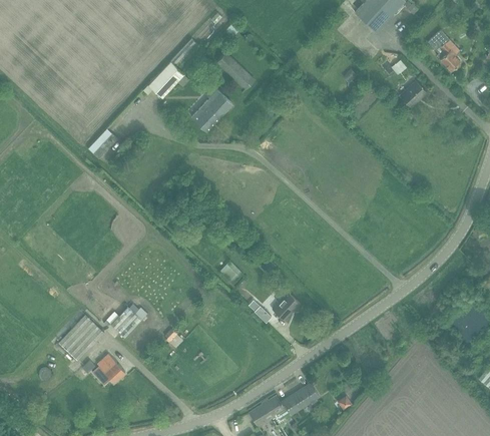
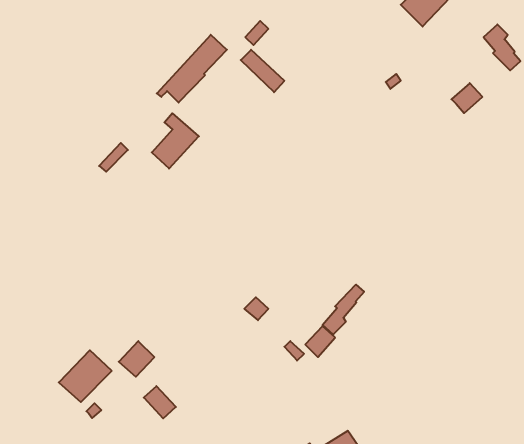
building: [191,83,232,131] -> [152,113,199,169]
building: none -> [323,285,364,335]
building: [97,354,125,382] -> [144,386,176,418]

